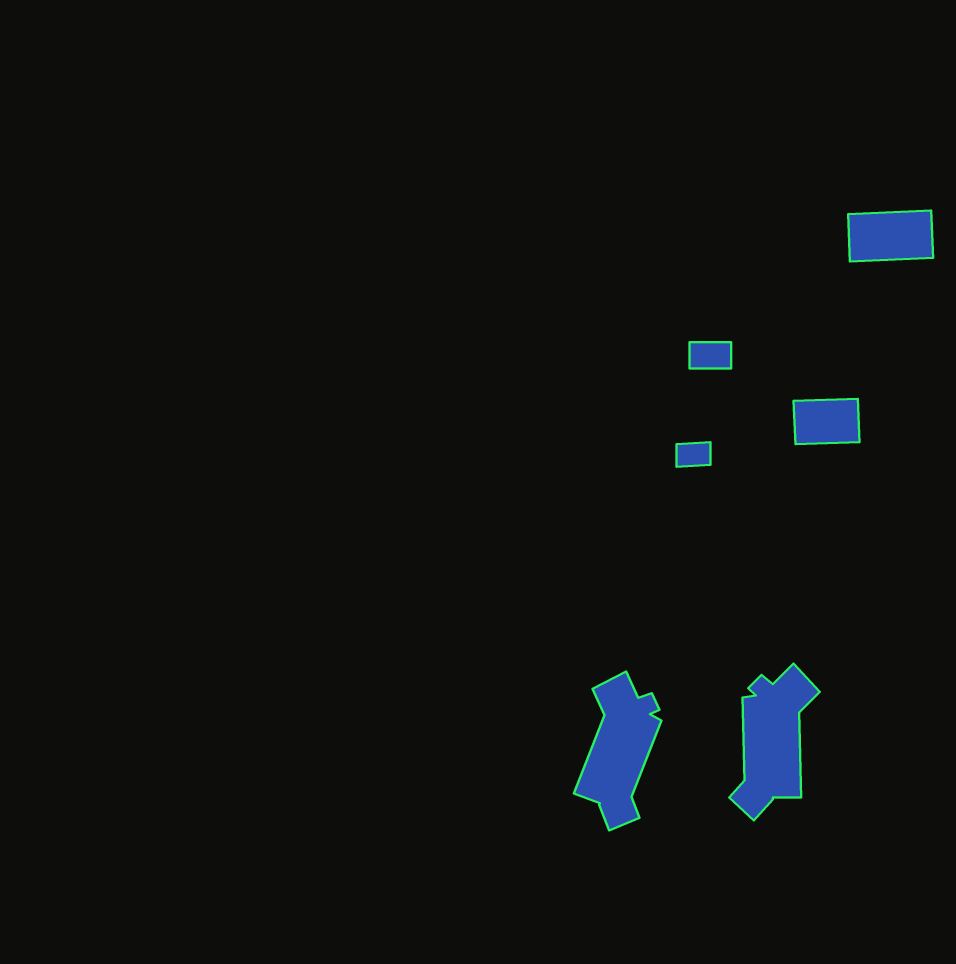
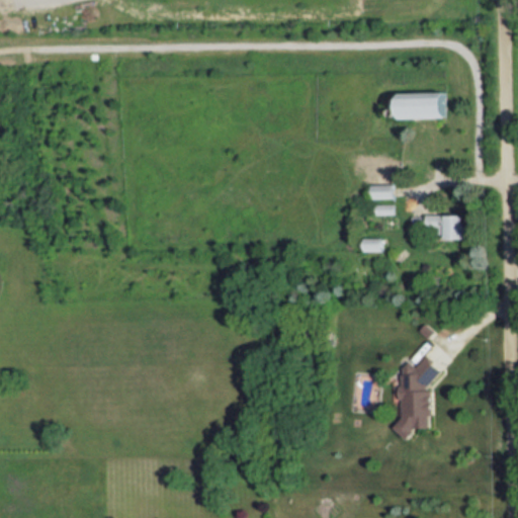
building: [848,210,933,261] -> [398,92,443,119]
building: [574,672,661,831] -> none

